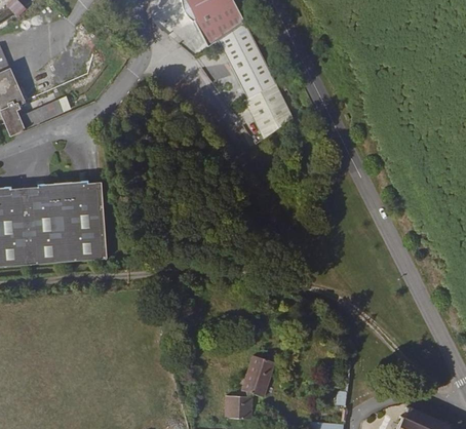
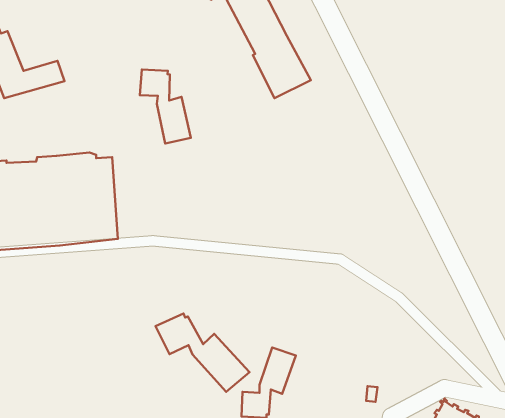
building: none -> [140,69,191,144]
building: none -> [155,314,249,392]

